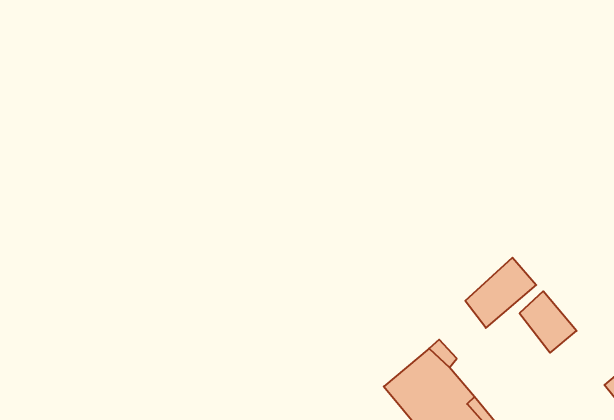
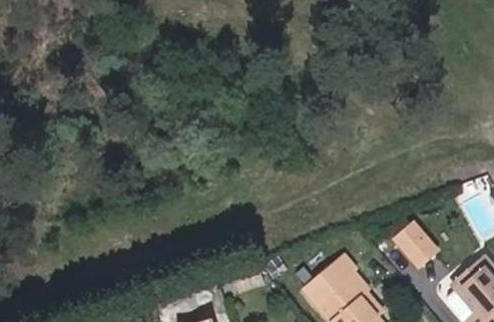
building: [465,258,536,328] -> none

